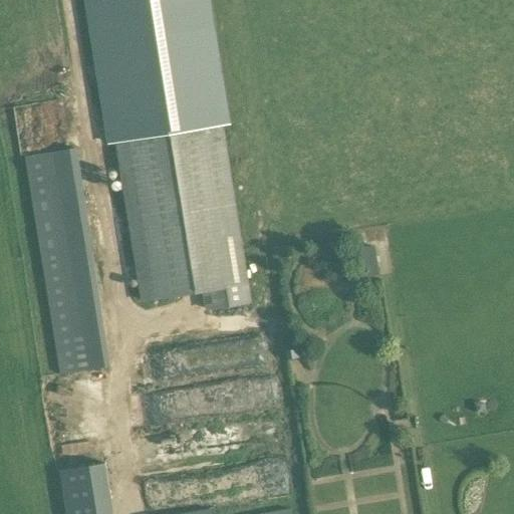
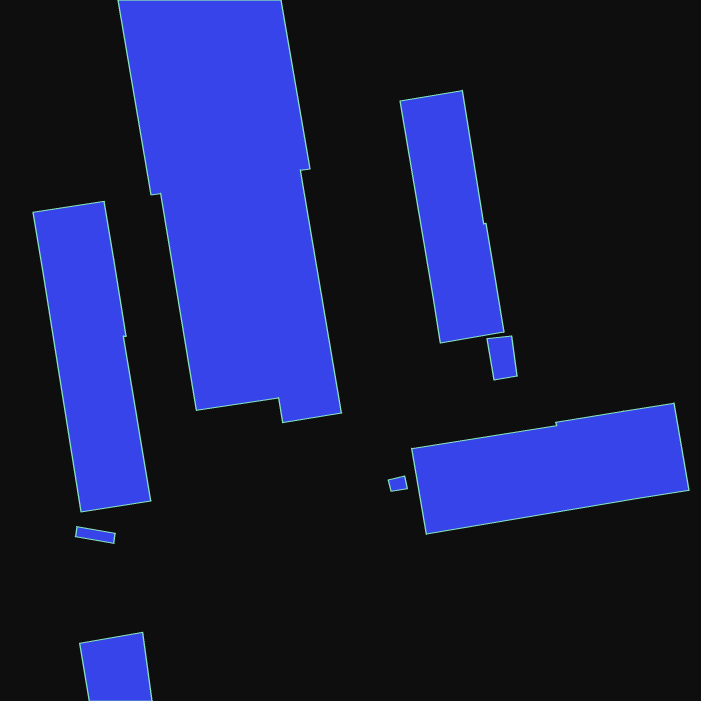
building: none -> [400,90,504,343]
building: none -> [412,403,689,534]

